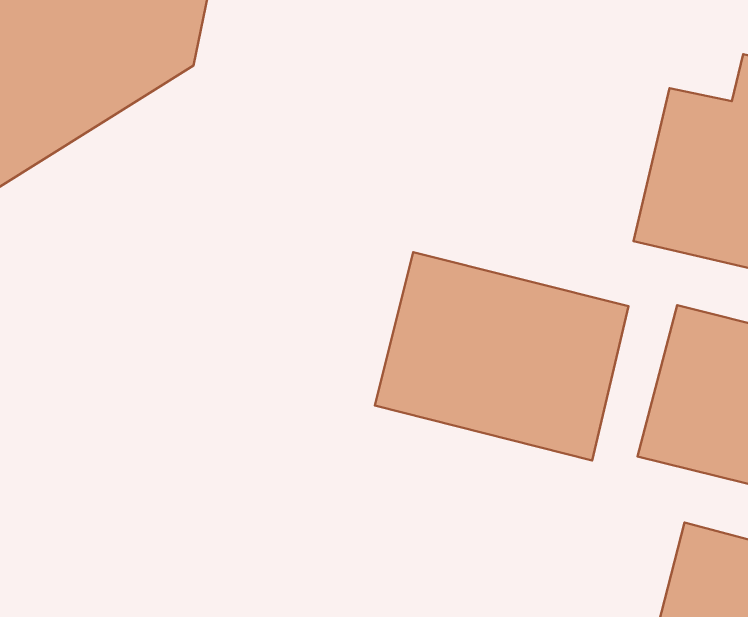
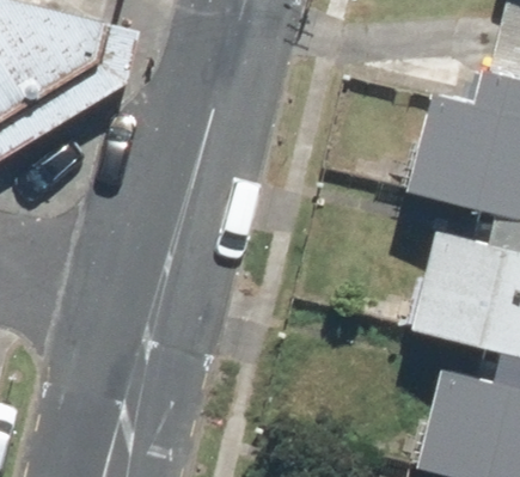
building: [375,252,629,460] -> none

